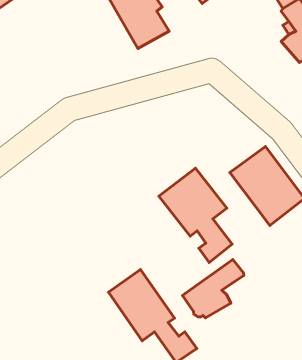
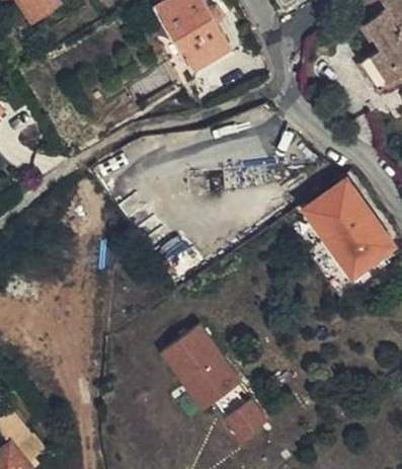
building: [159,168,232,263] -> none
building: [183,260,244,318] -> none

